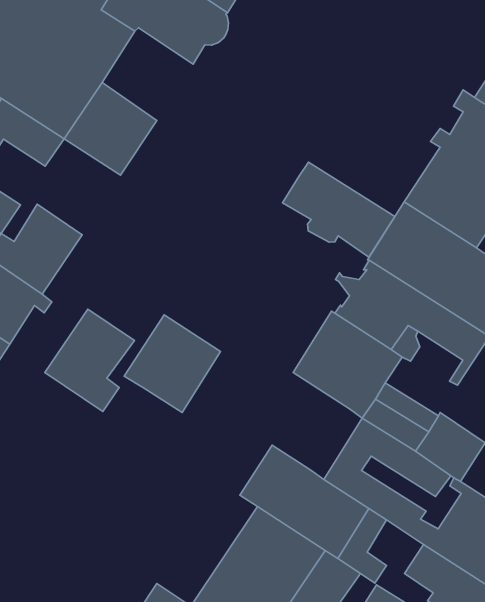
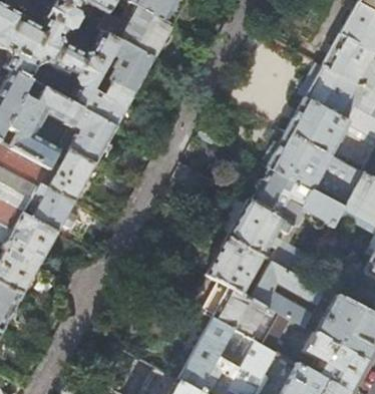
building: none -> [100,40,153,94]
building: none -> [67,109,115,165]
building: [282,162,395,257] -> none
building: [45,309,134,412] -> none
building: [124,315,221,413] -> [206,238,262,295]

